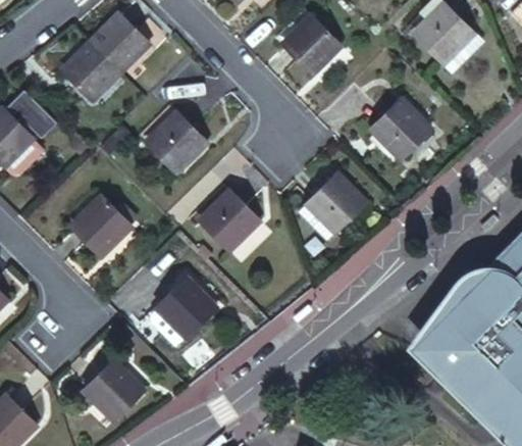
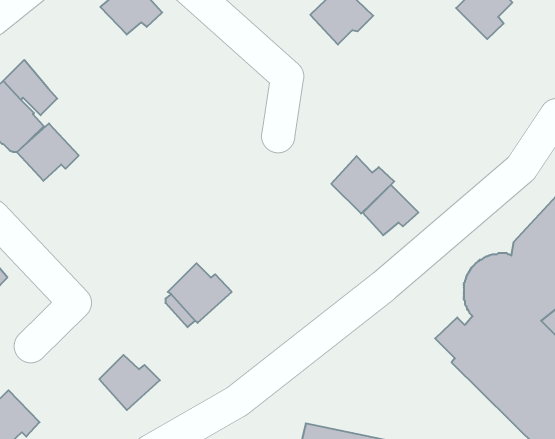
building: [65,41,120,100] -> none
building: [375,102,432,155] -> none
building: [153,115,207,174] -> none
building: [203,190,257,250] -> none
building: [76,203,134,256] -> [17,123,79,181]
building: none -> [363,185,418,235]

